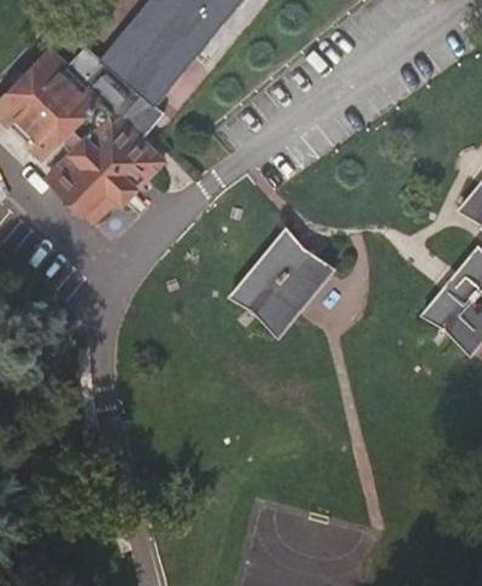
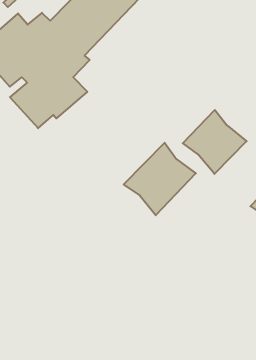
building: none -> [183,110,247,174]

